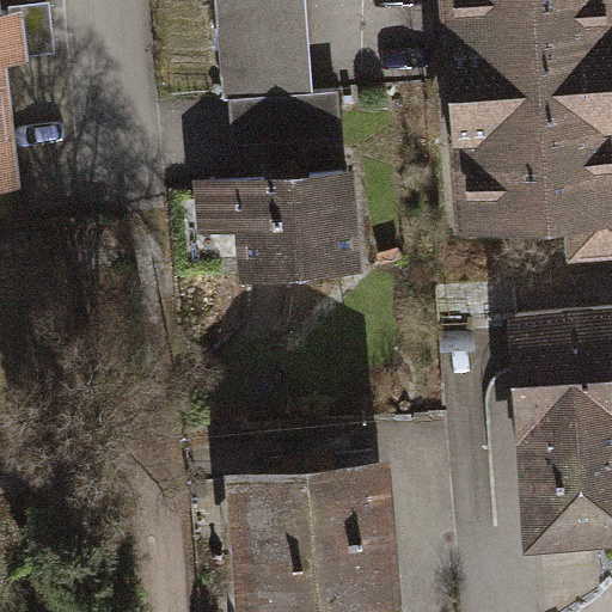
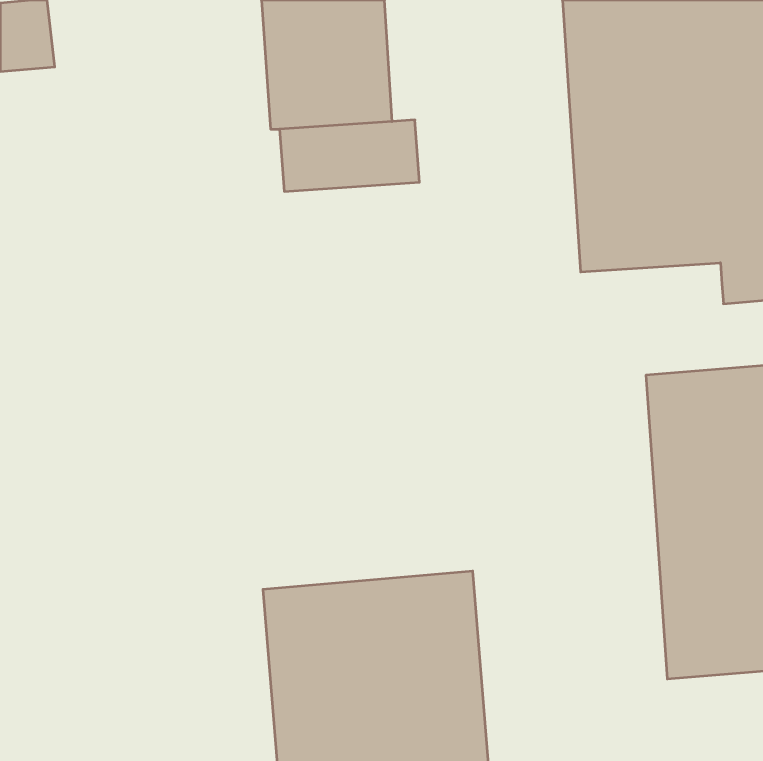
building: [195,172,363,289] -> none

